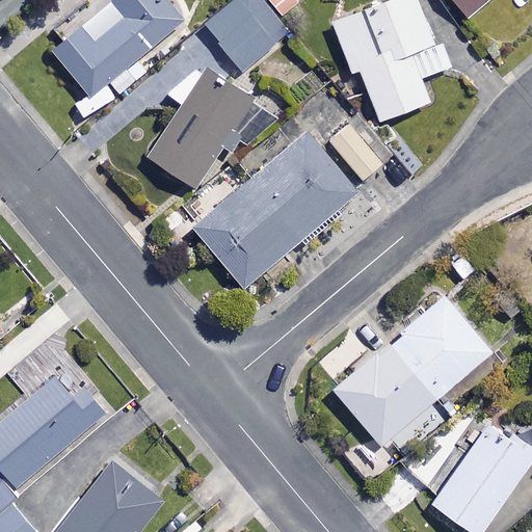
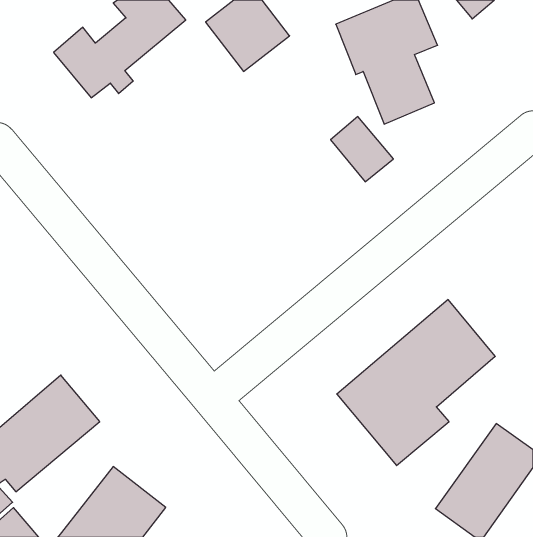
building: [148,66,257,189] -> none
building: [194,135,356,289] -> none

